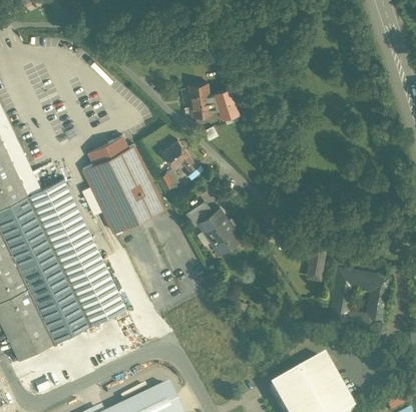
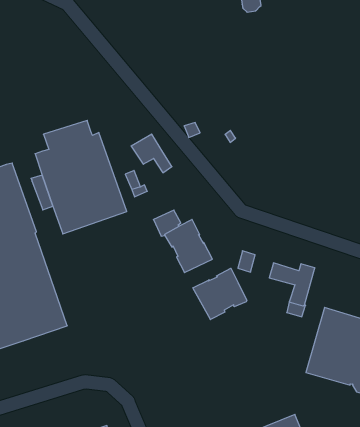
building: [187,82,237,115] -> none
building: none -> [193,268,247,320]

